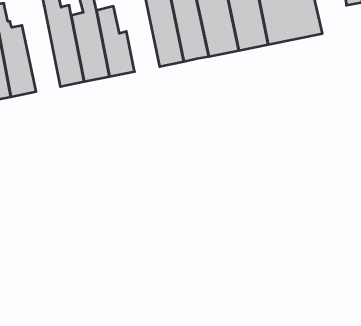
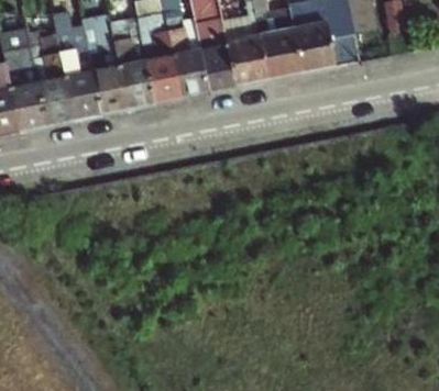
building: none -> [142,29,183,102]
building: none -> [29,31,74,124]

